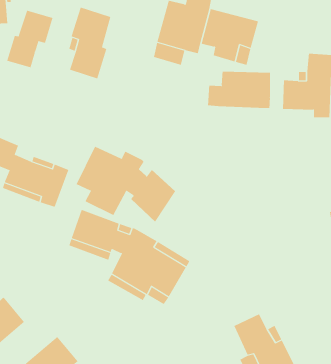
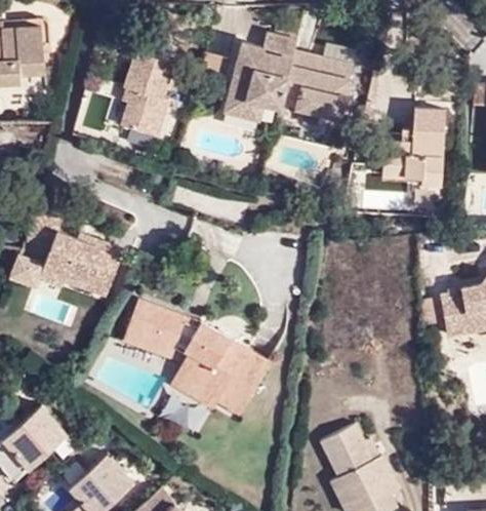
building: [6,10,53,68] -> none
building: [208,71,270,109] -> none
building: [76,146,176,223] -> none

